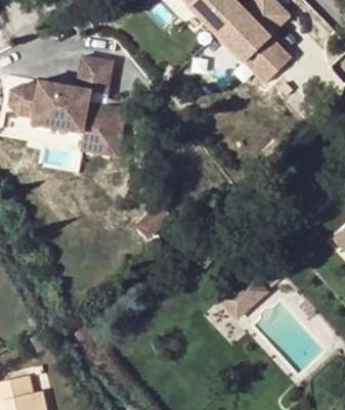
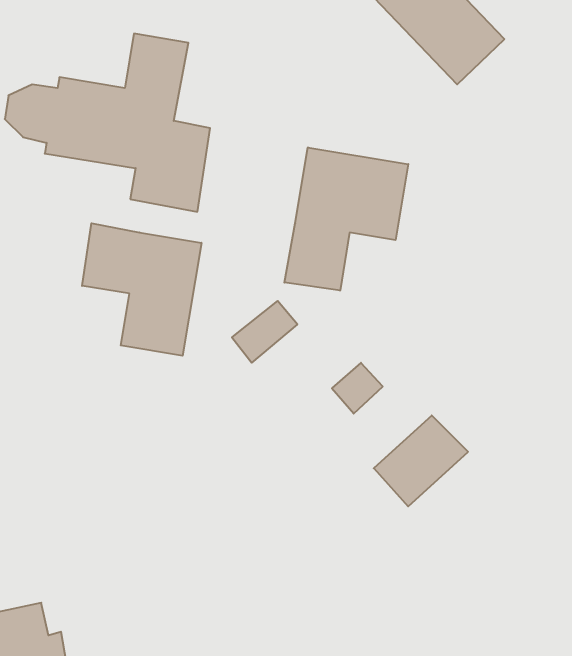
building: none -> [284,147,408,291]
building: none -> [82,223,201,356]

